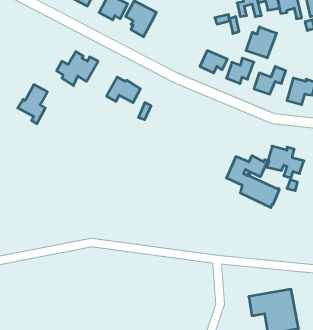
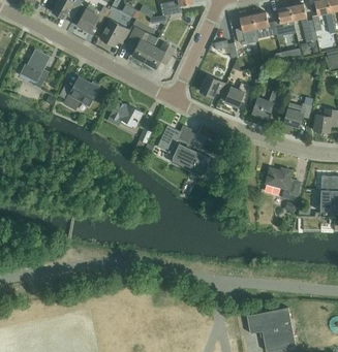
building: none -> [145,42,175,68]
building: [246,27,277,58] -> none
building: [18,85,47,124] -> [21,50,50,88]
building: [226,156,279,208] -> [158,125,210,175]

